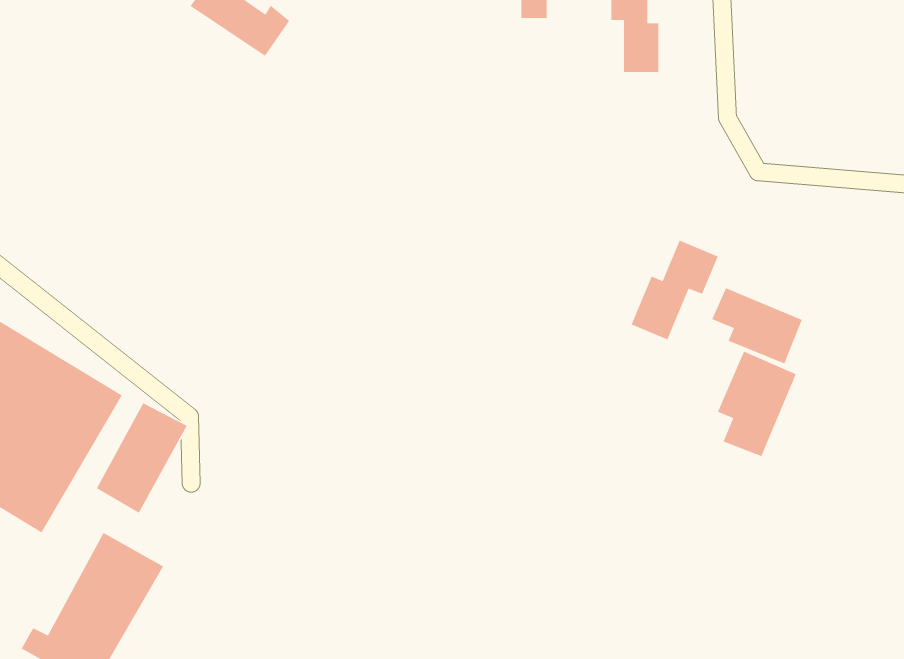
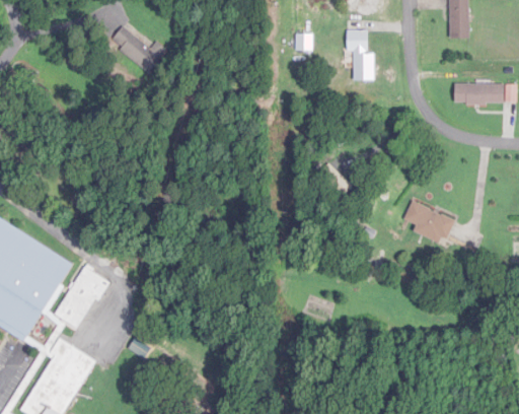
building: none -> [453,83,504,102]
building: [630,240,719,340] -> none
building: [717,351,797,457] -> none

